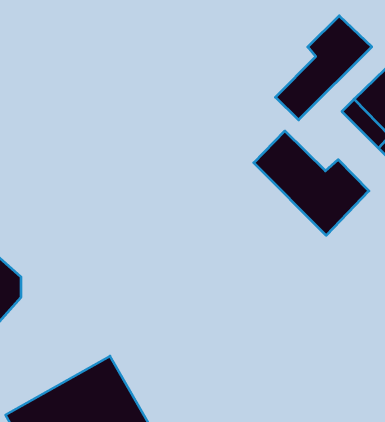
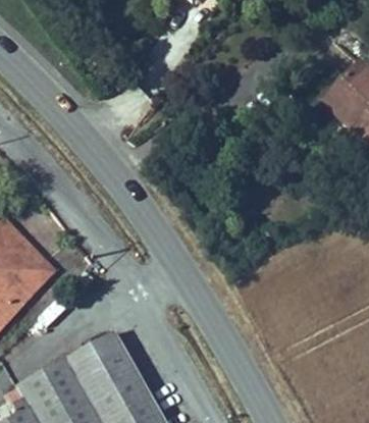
building: [275,16,372,120] -> none
building: [254,131,369,235] -> none

